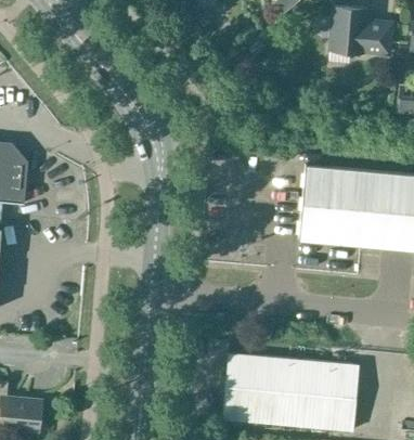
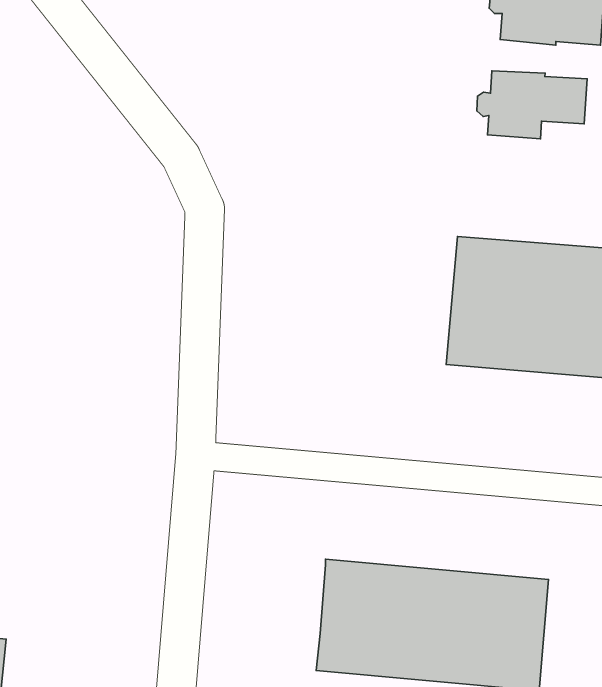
building: none -> [477,71,587,139]

